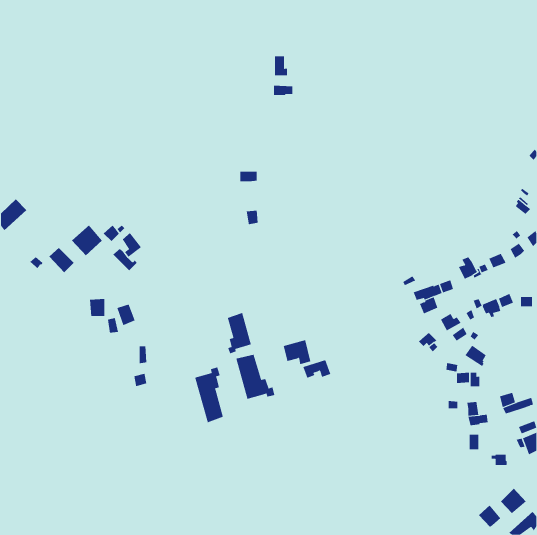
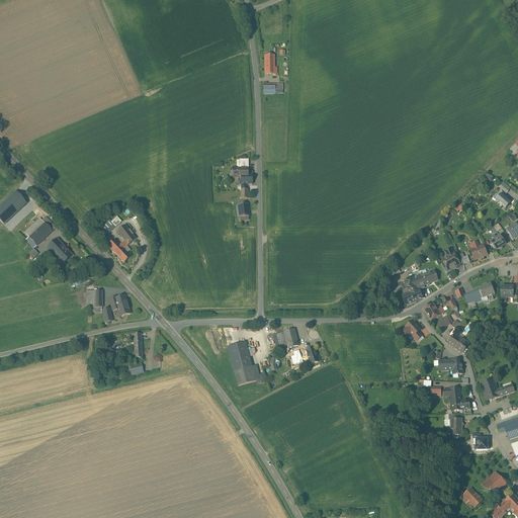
building: [71,225,103,256] -> [22,213,53,244]
building: [227,312,252,354] -> none
building: [195,367,223,423] -> none

